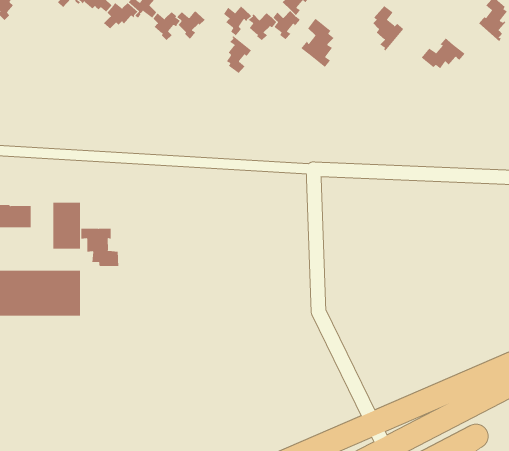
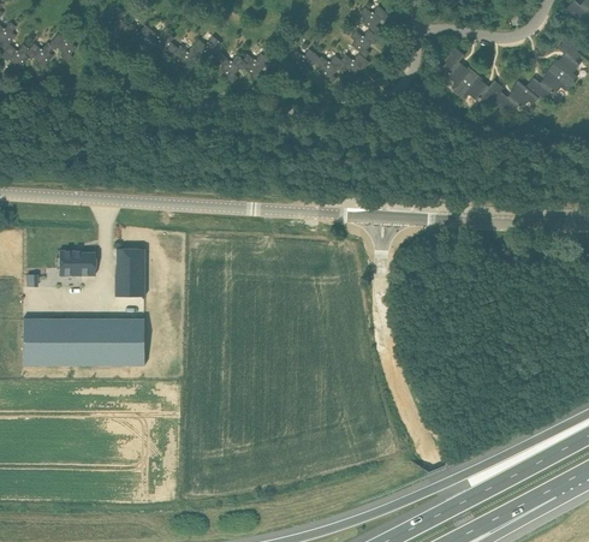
building: [301,18,334,68] -> none
building: none -> [525,65,572,97]
building: none -> [456,71,504,102]
building: [226,35,252,74] -> none
building: [81,228,119,267] -> none

